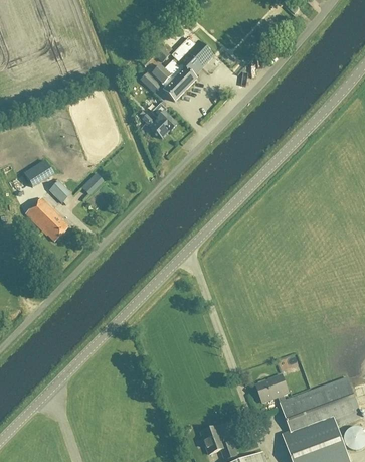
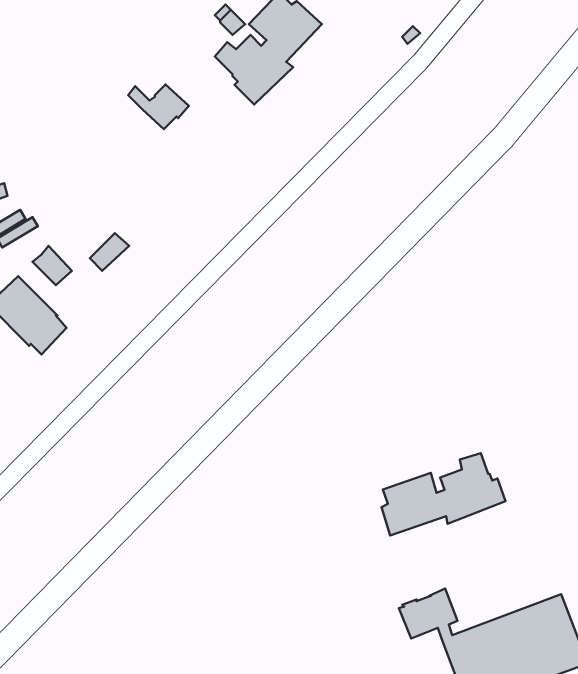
building: [141,113,175,138] -> [128,84,189,129]
building: none -> [382,453,506,536]

